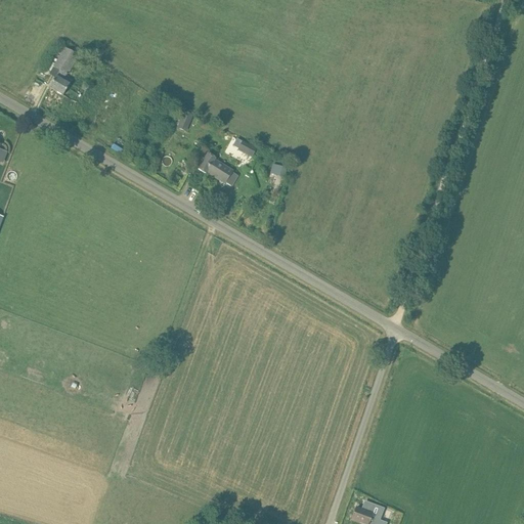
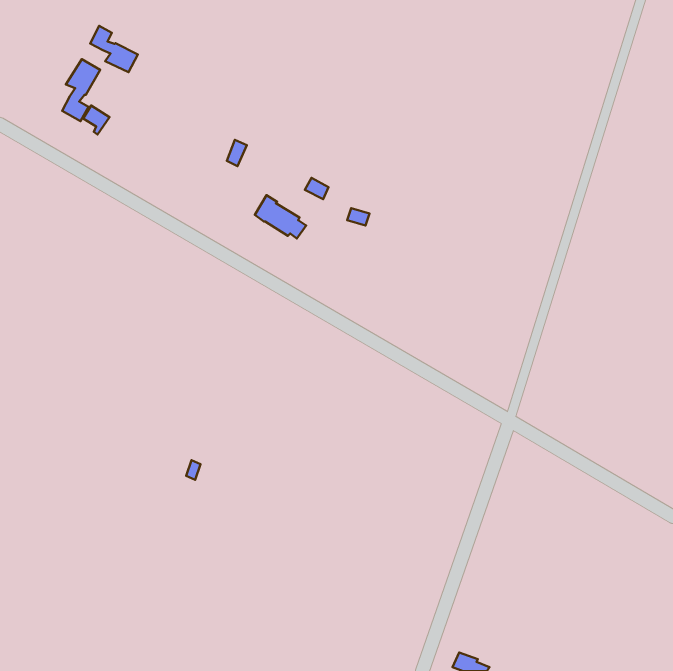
building: none -> [90,26,138,72]

